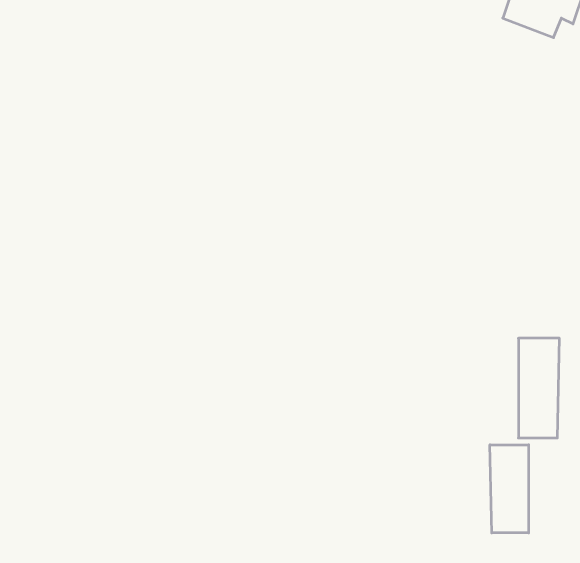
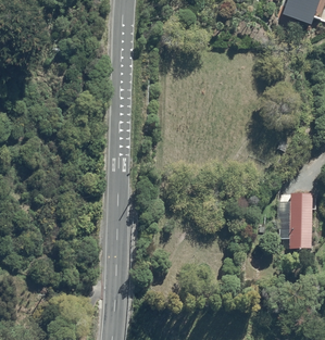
building: [490,445,529,533] -> none

